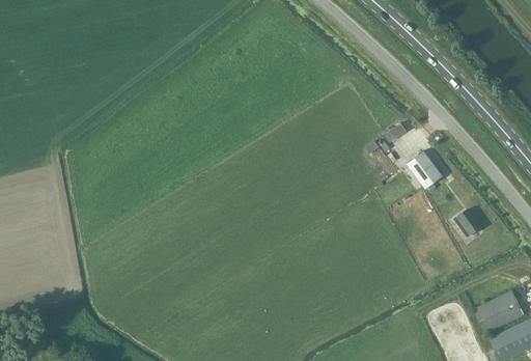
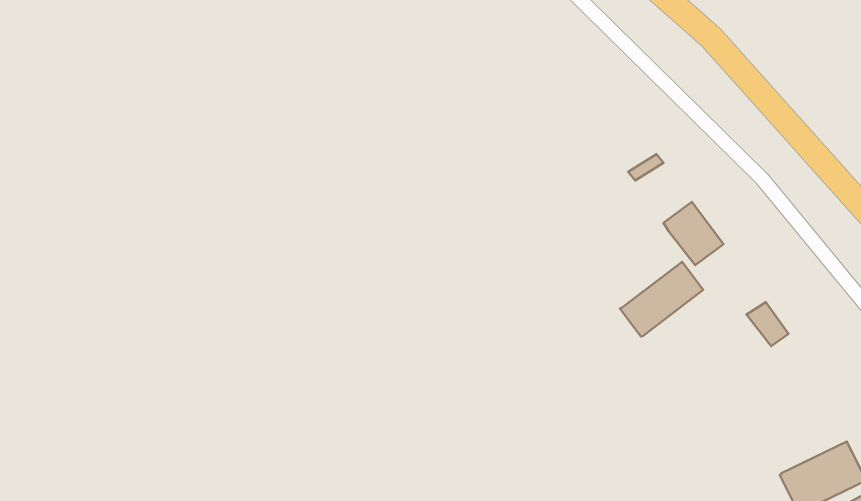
building: none -> [620,262,703,337]

